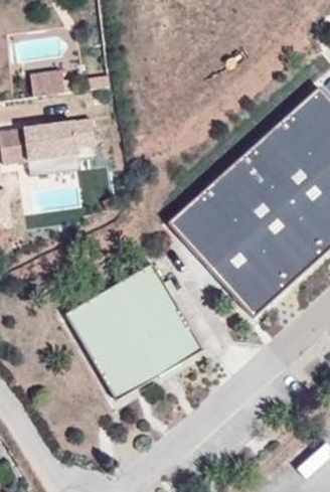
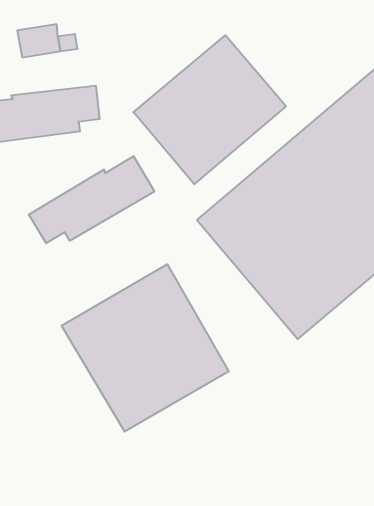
building: none -> [133,35,286,184]
building: none -> [29,156,154,243]

